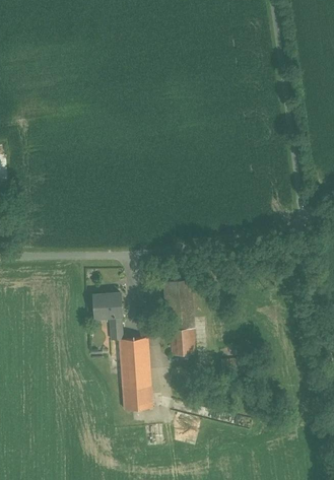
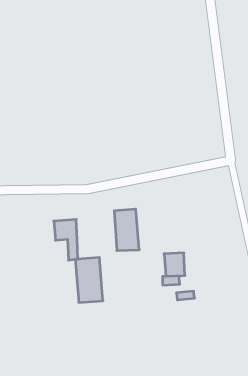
building: [170,329,194,356] -> [164,253,185,276]
building: [123,389,152,410] -> none

